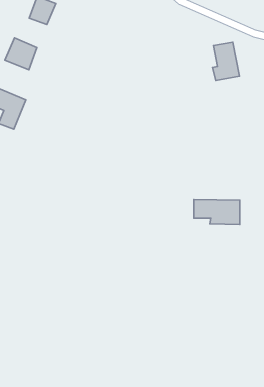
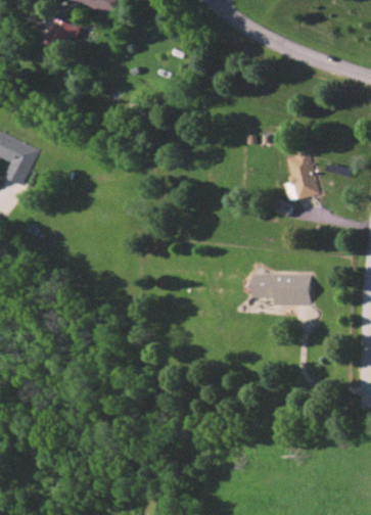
building: [5,38,37,70] -> none
building: [213,42,239,80] -> [285,152,319,200]

